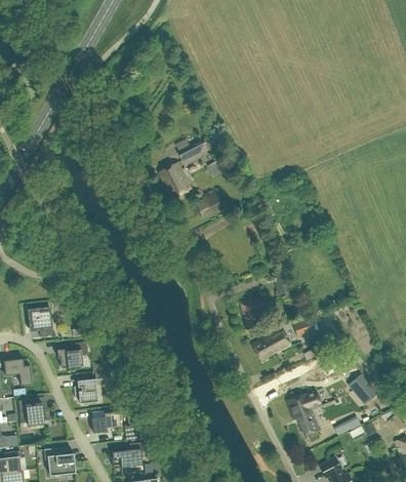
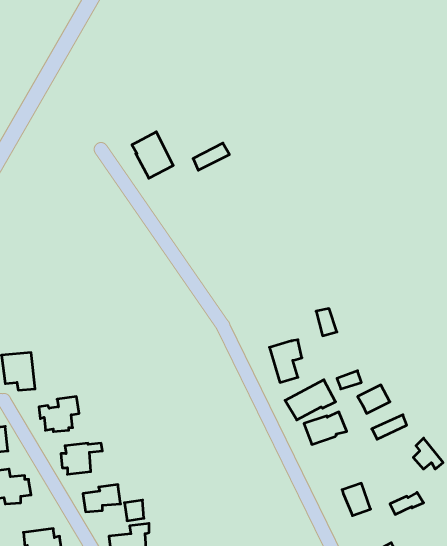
building: [158,162,191,199] -> [132,132,173,178]
building: [195,192,225,218] -> none
building: [287,391,321,416] -> [304,412,347,444]

